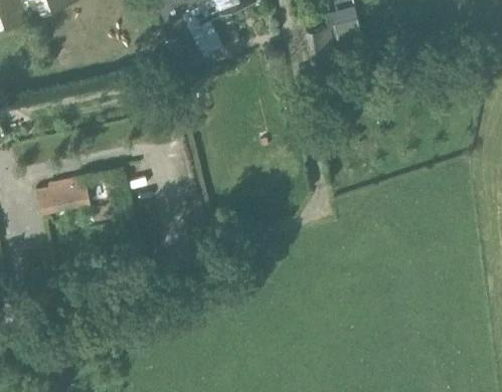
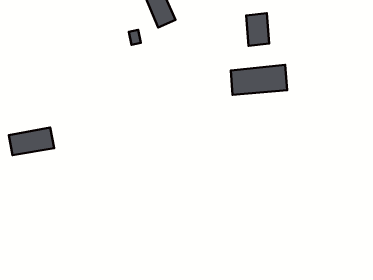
building: [330,12,361,42] -> none
building: none -> [231,65,287,95]

